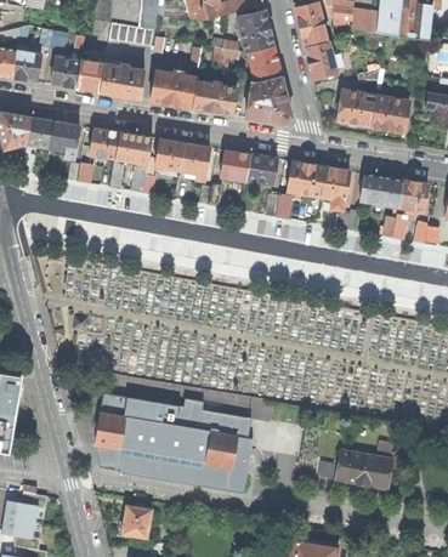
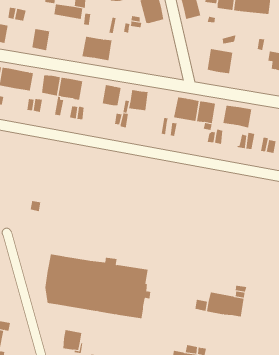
building: [305,41,336,80] -> none
building: [249,47,279,76] -> none
building: [52,58,81,89] -> none
building: [100,64,144,100] -> none
building: [245,76,290,124] -> none
building: [192,83,237,115] -> none
building: [370,96,409,133] -> none
building: [155,140,186,171] -> none
building: [246,154,277,186] -> none
building: [398,180,427,211] -> none

